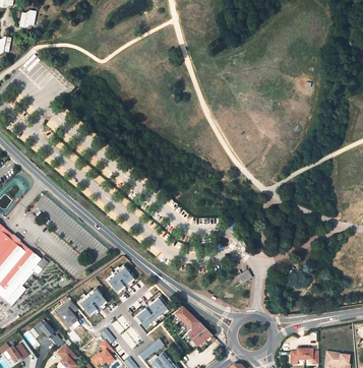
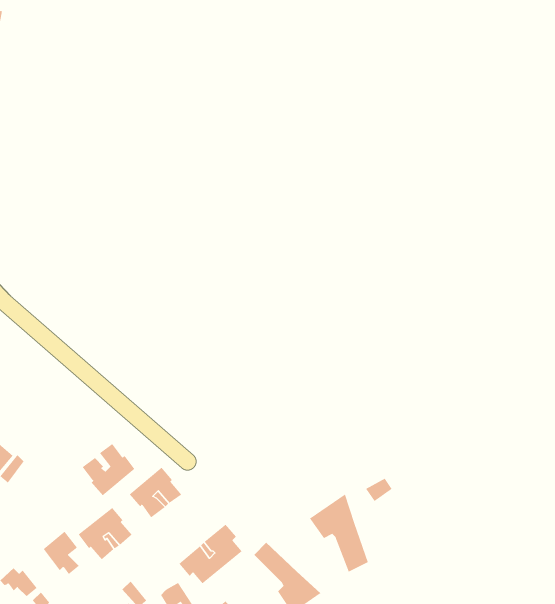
building: none -> [82,443,135,496]
building: none -> [309,493,368,572]

